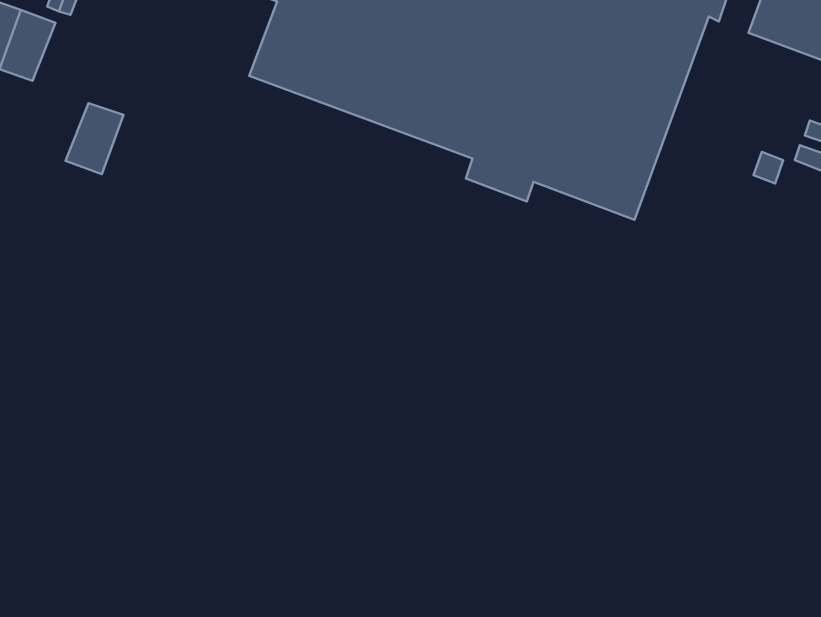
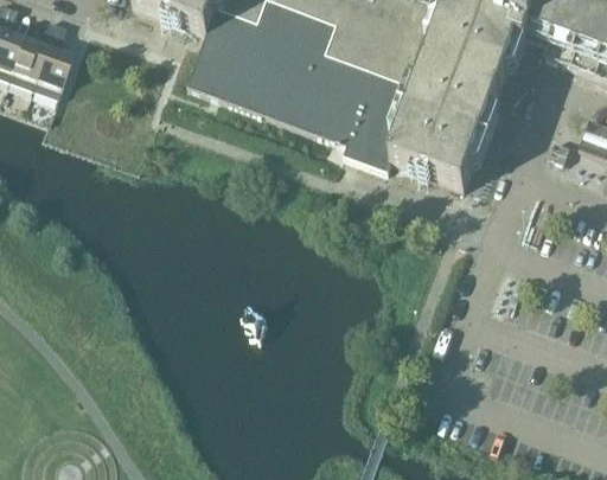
building: [65,103,123,174] -> [32,46,74,97]

